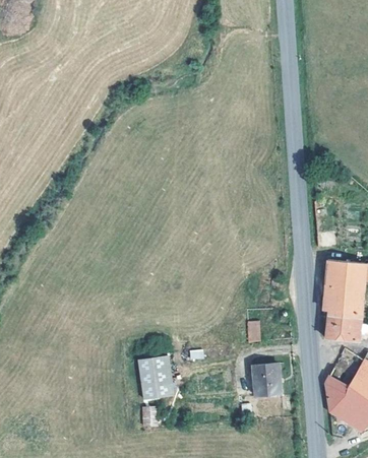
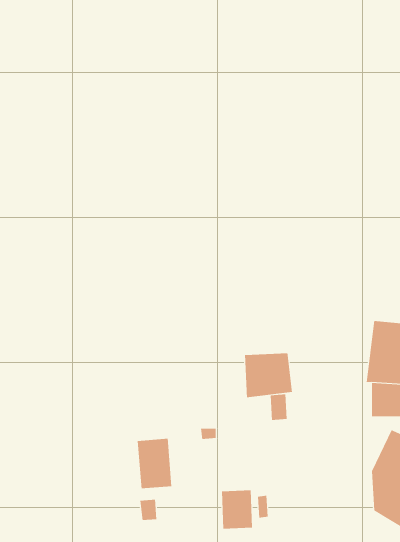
building: none -> [244,352,293,398]
building: [252,364,278,395] -> [221,490,253,529]

